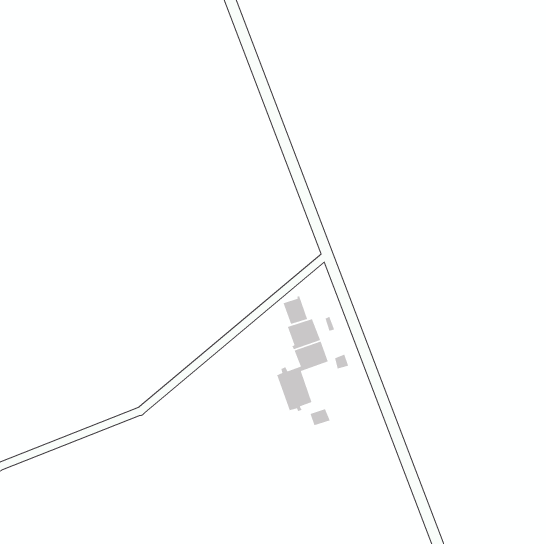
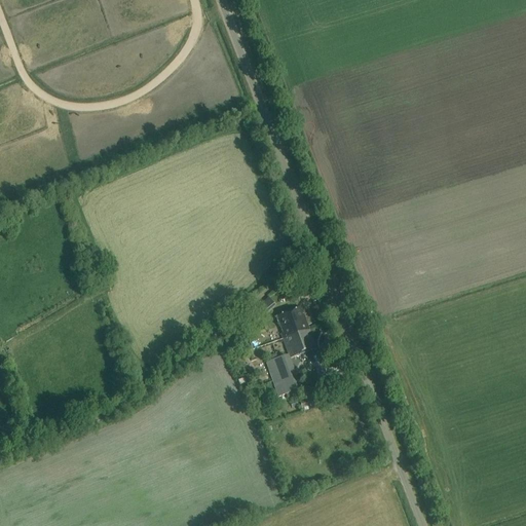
building: [283,295,308,325] -> none

